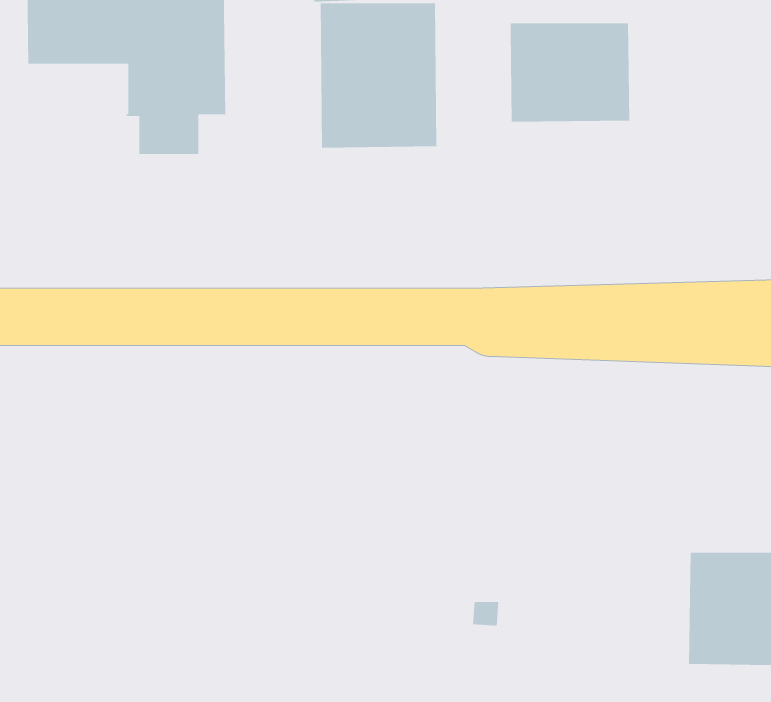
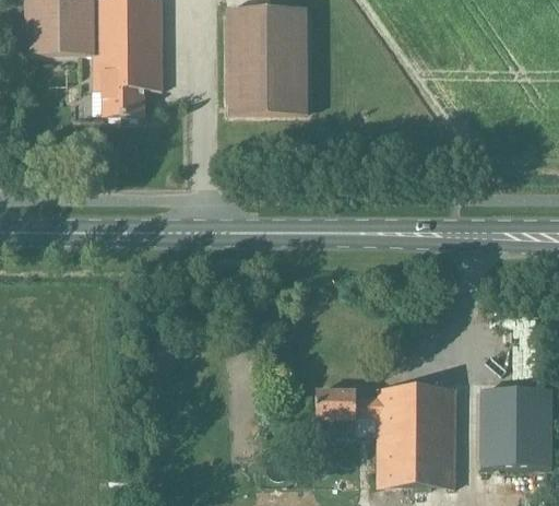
building: [510,22,630,123] -> none
building: none -> [316,388,455,485]

